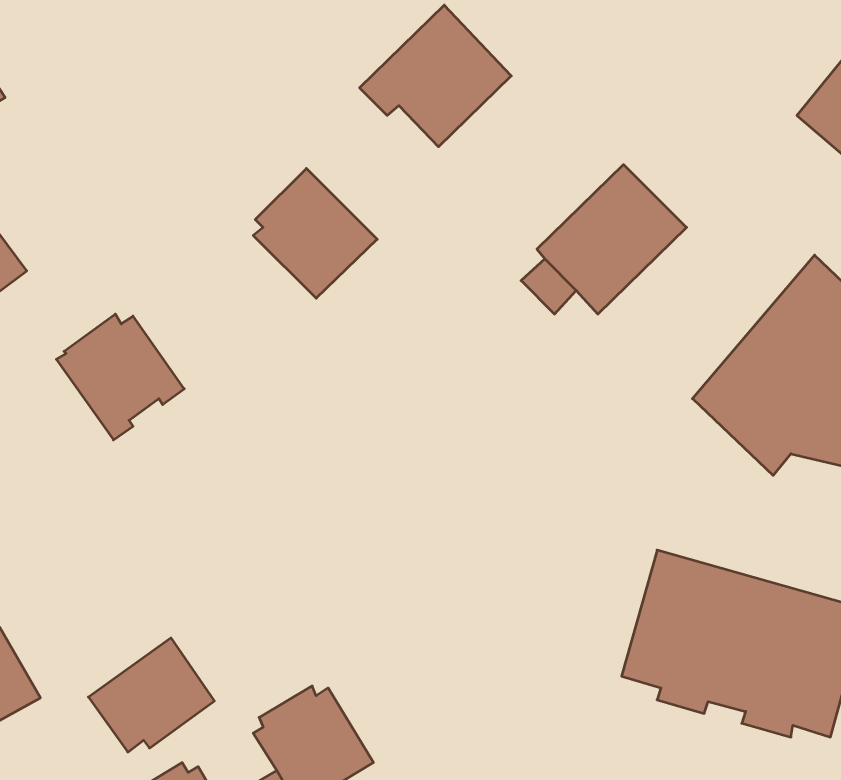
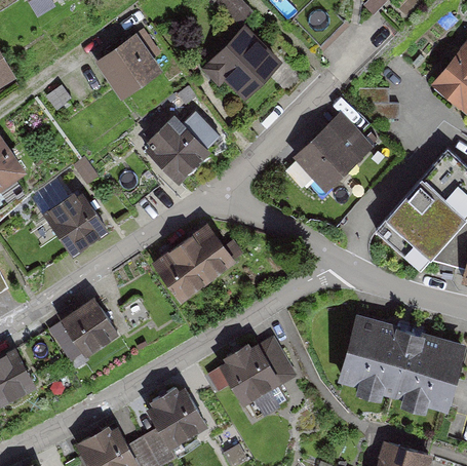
building: none -> [96,32,162,96]
building: none -> [153,223,237,302]
building: none -> [207,347,283,410]
building: [88,638,214,752] -> [52,302,118,361]

